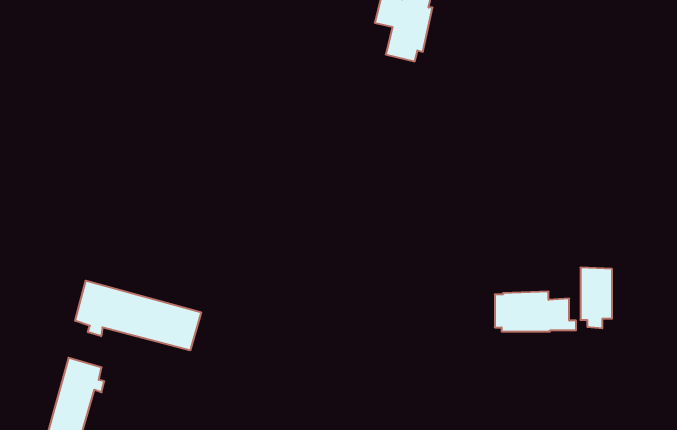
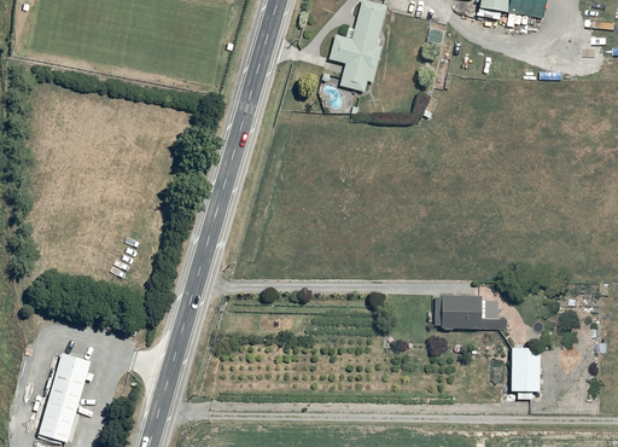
building: [580,268,612,328] -> [511,347,538,400]
building: [75,281,201,350] -> none

